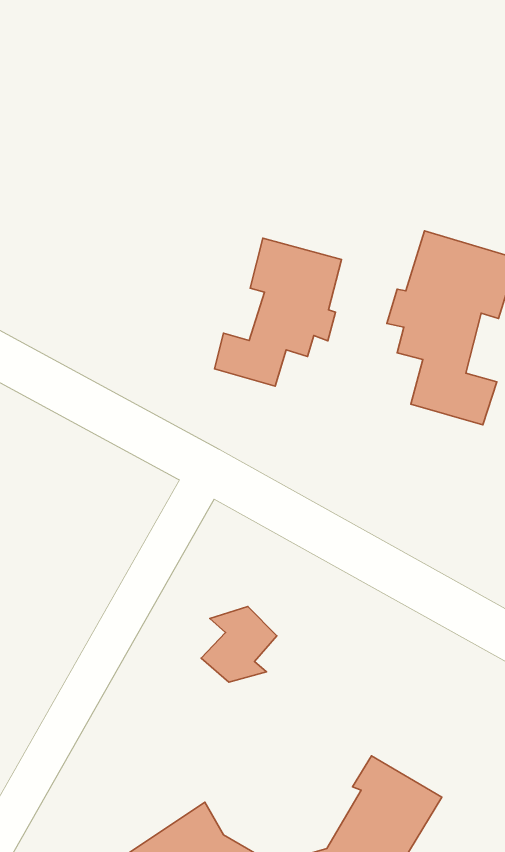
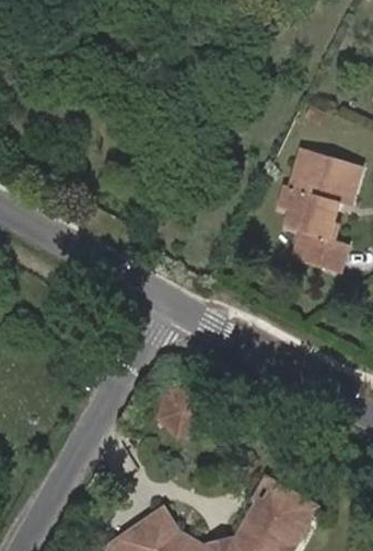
building: [214,238,341,386] -> none

